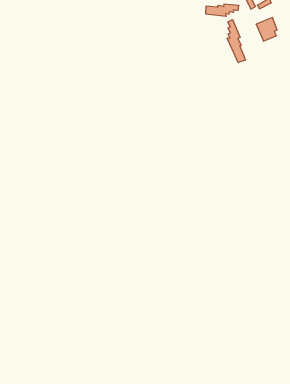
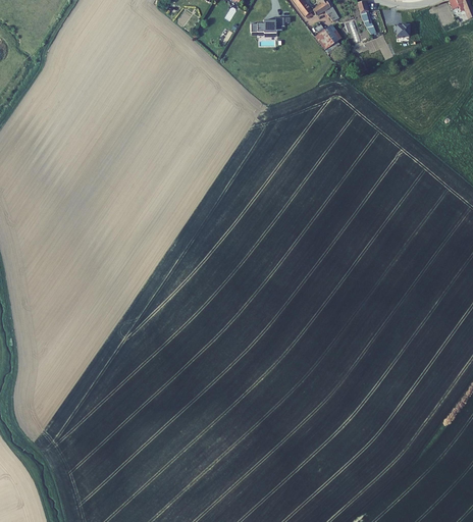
building: [227,20,246,63] -> none

